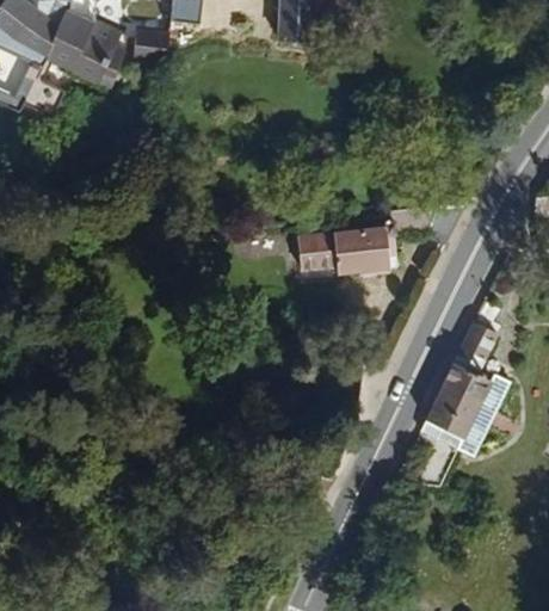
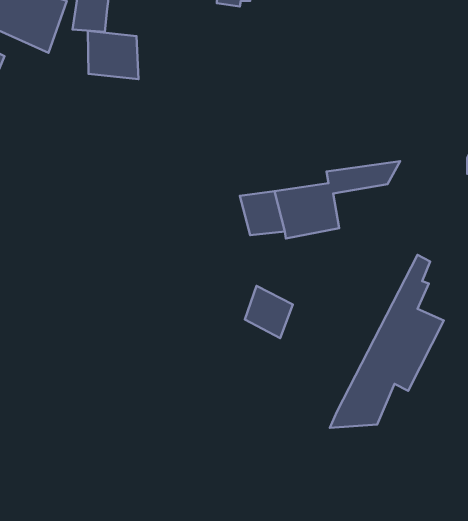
building: none -> [88,31,138,79]
building: none -> [245,286,293,338]

